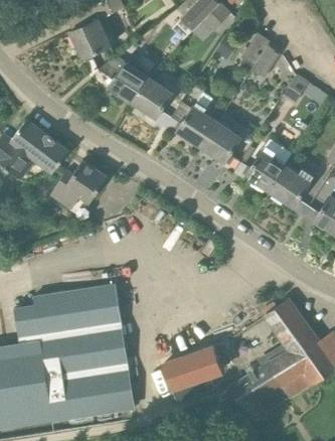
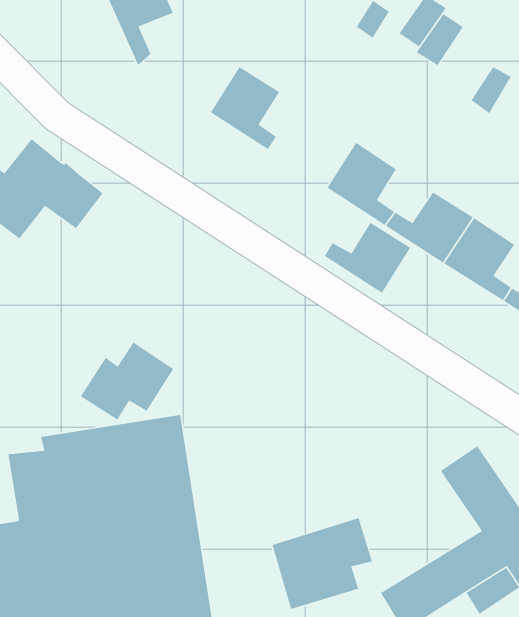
building: [90,61,149,105] -> none
building: [166,107,217,149] -> [324,222,411,294]
building: [51,161,107,207] -> [80,342,174,420]

